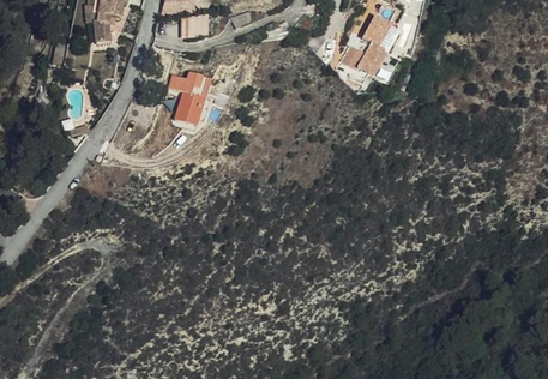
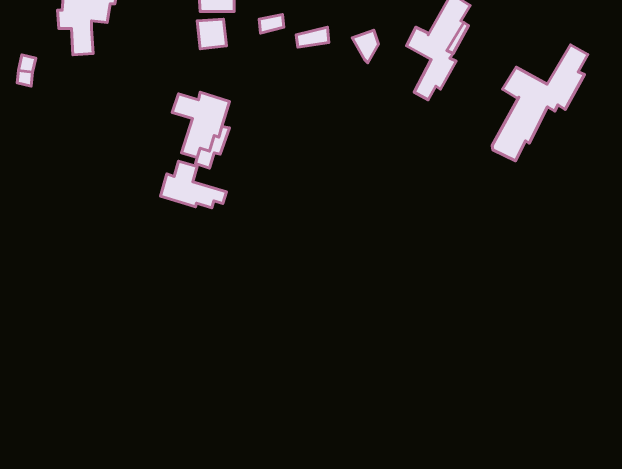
building: none -> [492,45,588,161]
building: none -> [160,161,227,208]

